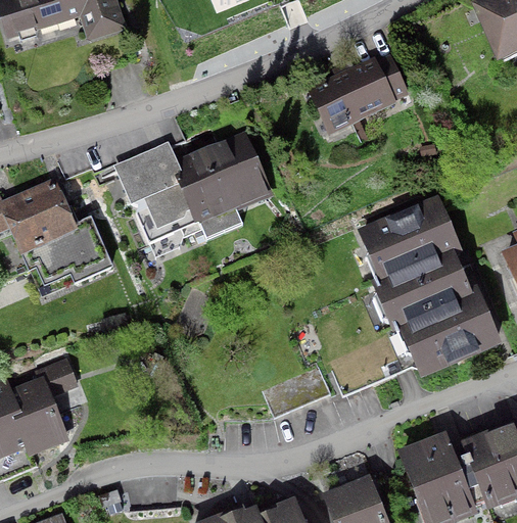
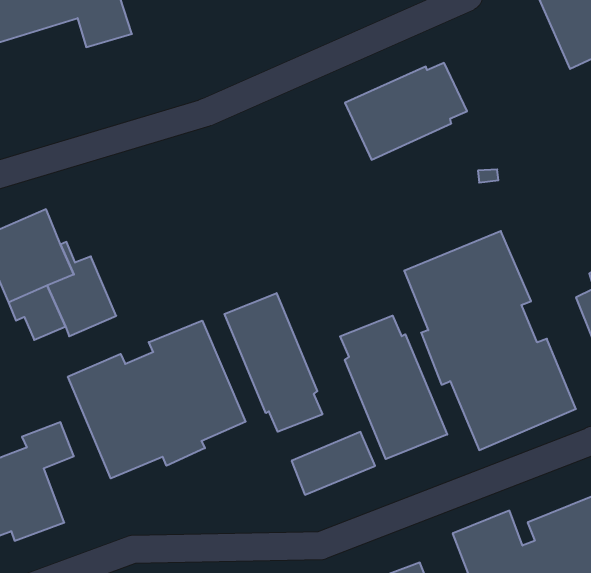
building: [113,129,275,245] -> none
building: none -> [224,293,322,432]
building: none -> [340,316,447,459]
building: none -> [68,321,246,478]

